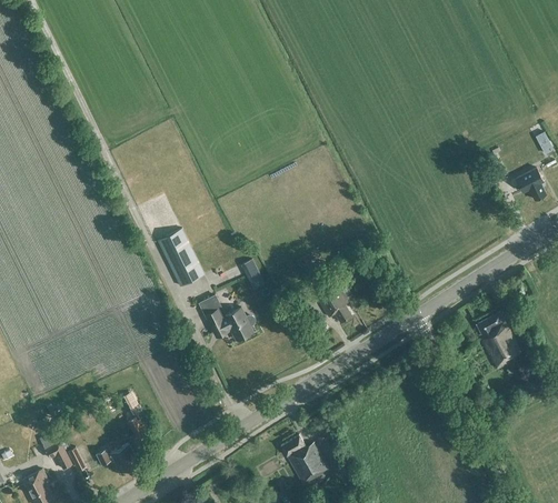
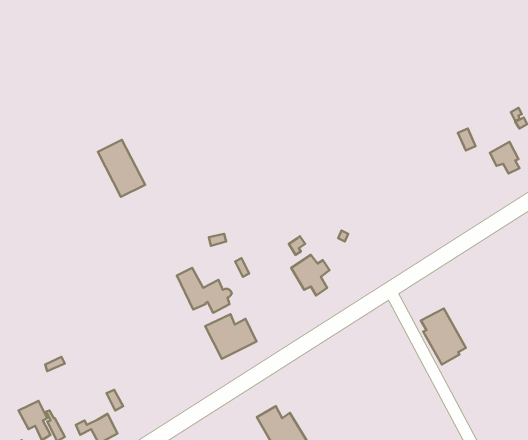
building: [158,229,206,286] -> [98,140,145,197]
building: [477,312,522,369] -> [421,308,466,364]
building: none -> [205,314,257,359]

